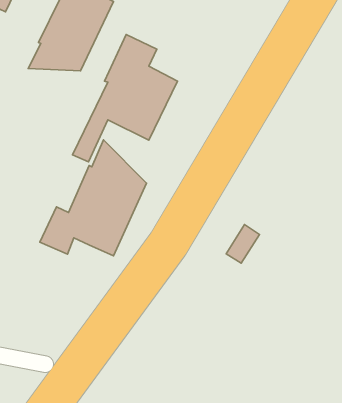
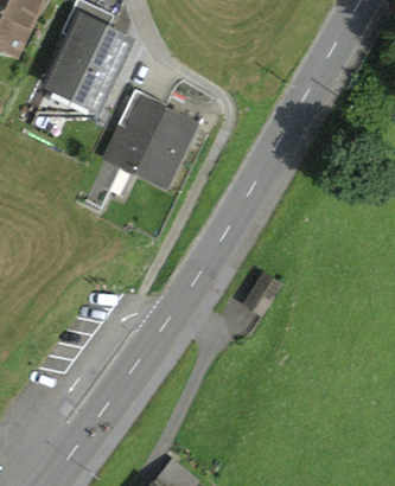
building: [40,140,147,256] -> none

